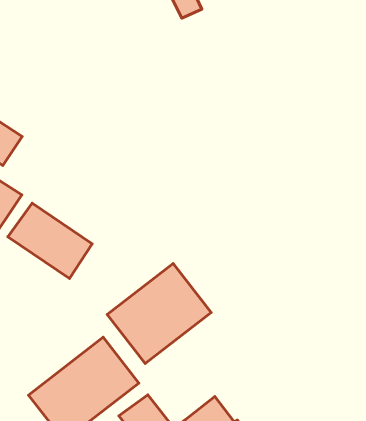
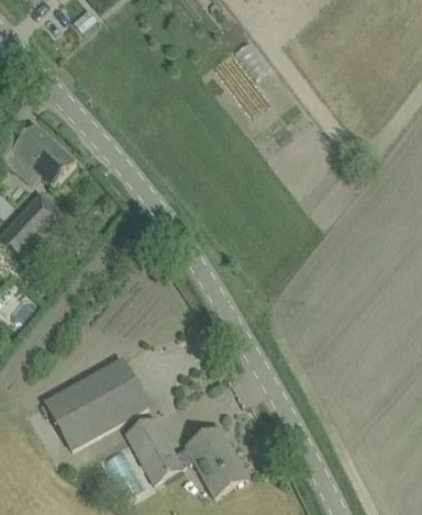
building: [8,203,92,279] -> none
building: [107,264,211,363] -> none

